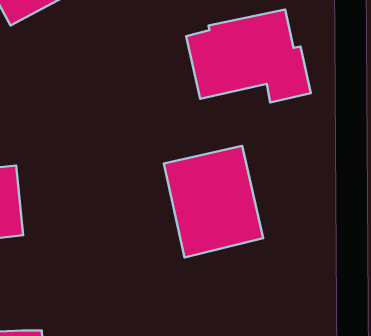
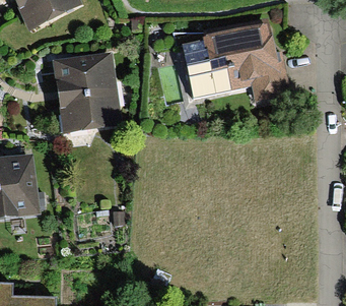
building: none -> [50,51,122,136]
building: [164,146,263,257] -> none

